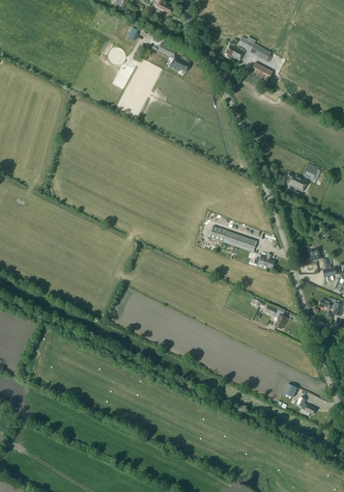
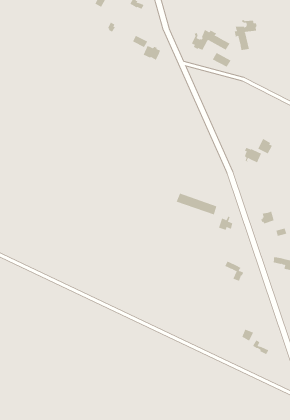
building: none -> [234,19,257,51]

